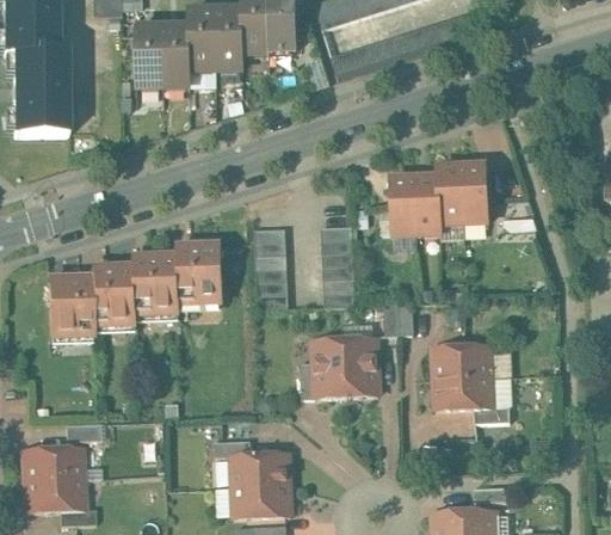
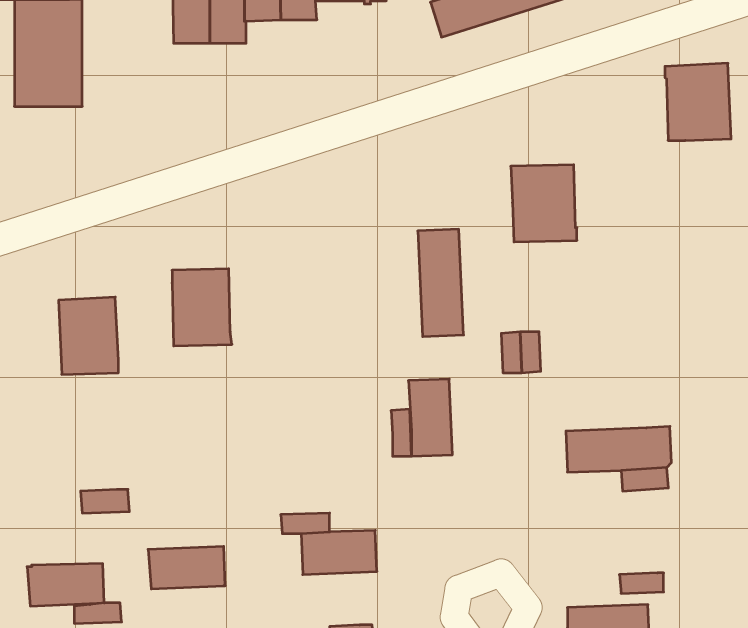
building: [437,164,487,222] -> [665,63,731,140]
building: [254,227,288,308] -> none
building: [175,244,221,302] -> none
building: [91,265,136,324] -> none
building: [344,337,377,395] -> none
building: [430,344,493,377] -> none
building: [23,447,81,479] -> [148,546,225,589]
building: [233,484,290,517] -> none

